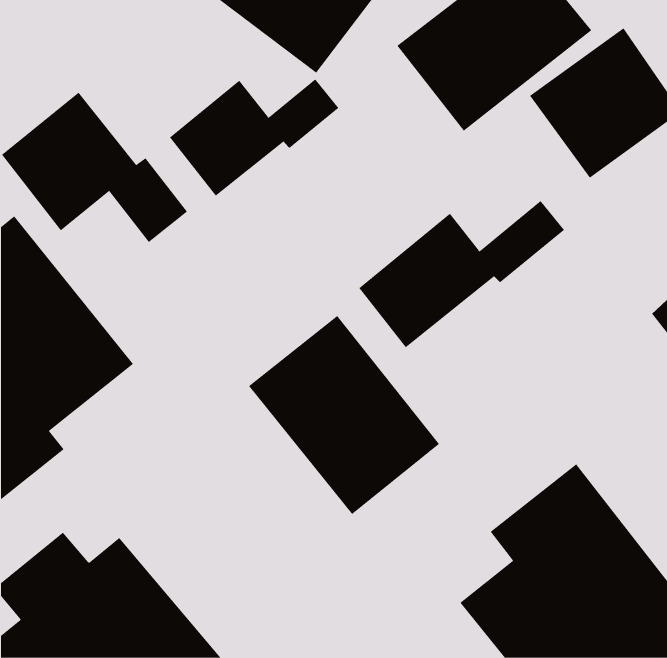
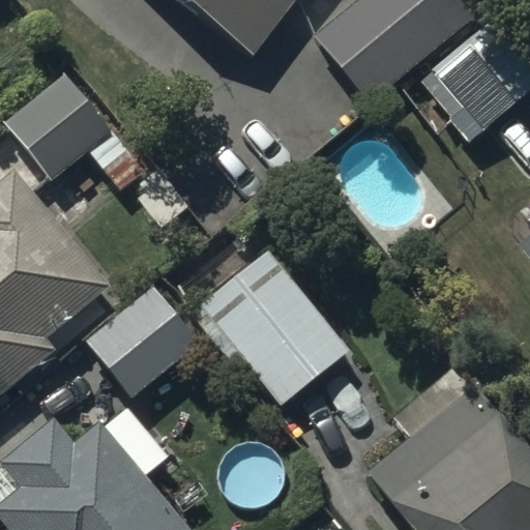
building: [169,78,339,197] -> none
building: [358,200,565,348] -> none
building: none -> [84,284,202,399]

